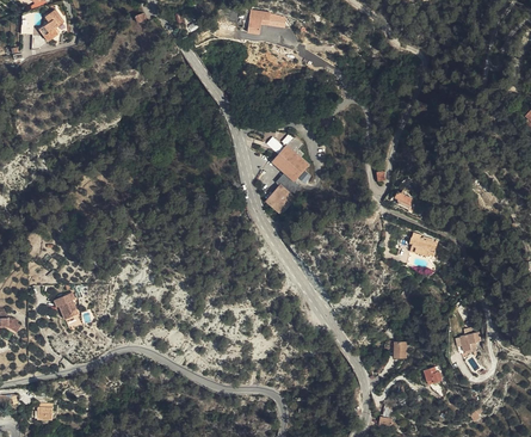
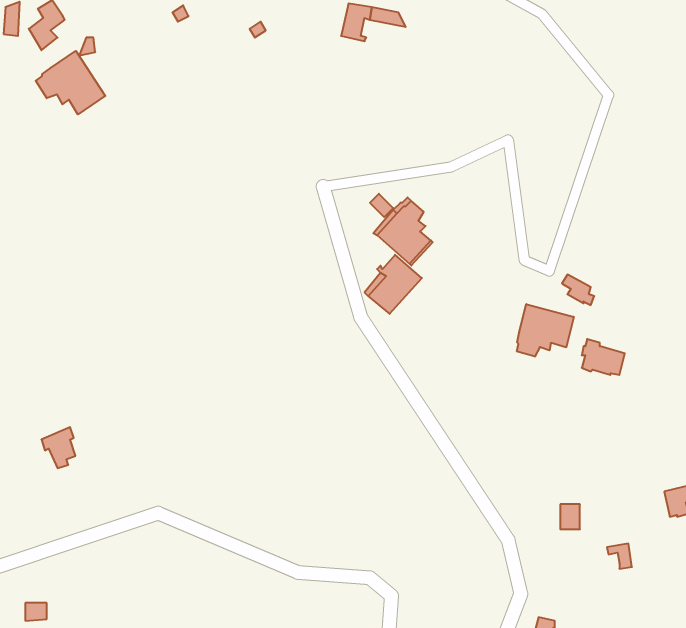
building: none -> [36,51,105,114]
building: none -> [517,304,574,357]

